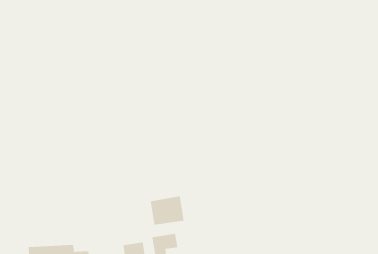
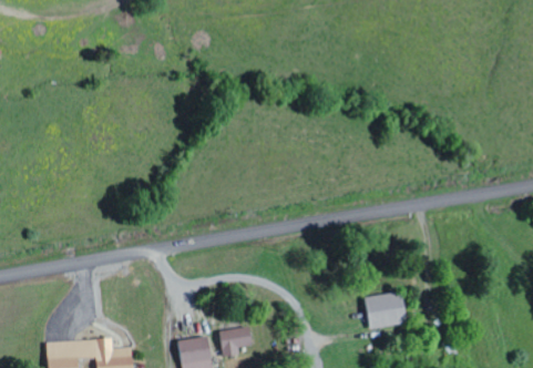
building: [150,195,184,226] -> none
building: none -> [365,292,406,328]

